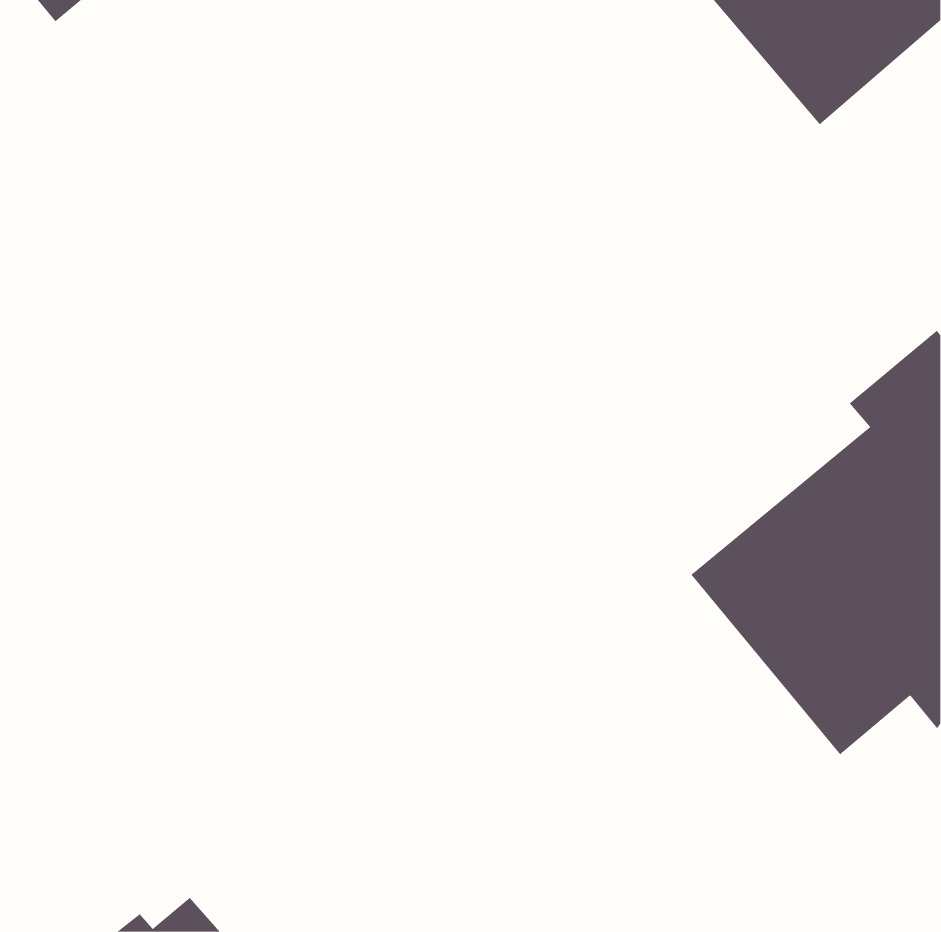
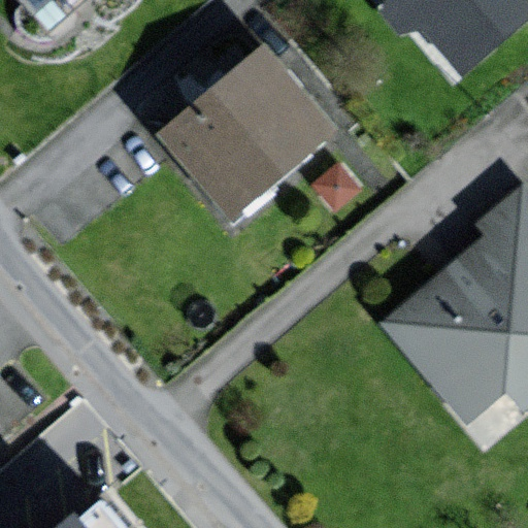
building: none -> [157,50,330,219]

